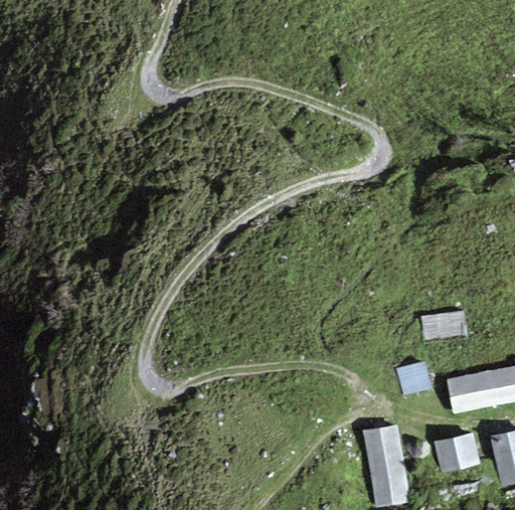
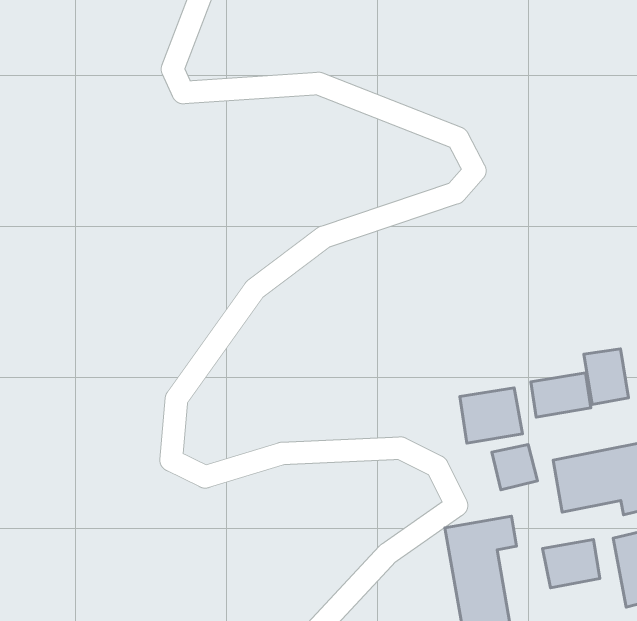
building: none -> [584,349,628,404]
building: none -> [460,388,522,443]

